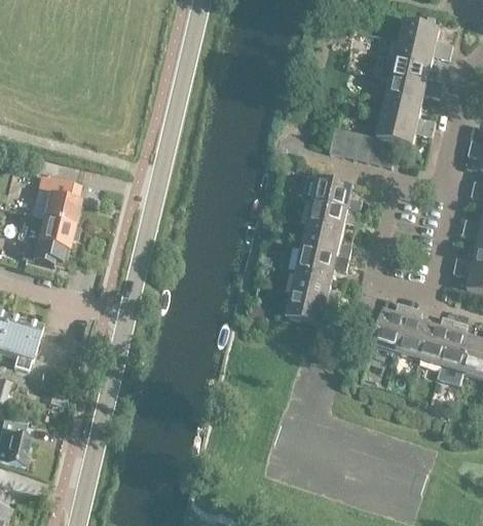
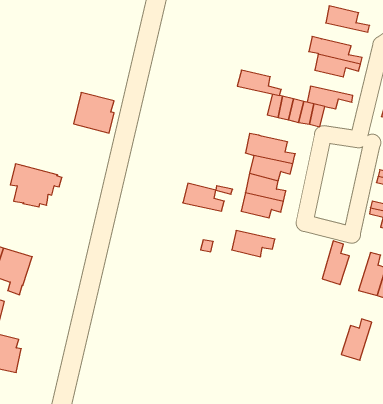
building: [394,40,450,68] -> none
building: [380,98,434,128] -> [237,70,281,95]
building: [30,176,79,225] -> [74,93,114,133]
building: [290,269,340,303] -> [183,183,224,211]
building: [371,302,408,351] -> none
building: [416,315,453,366] -> [341,319,372,360]

